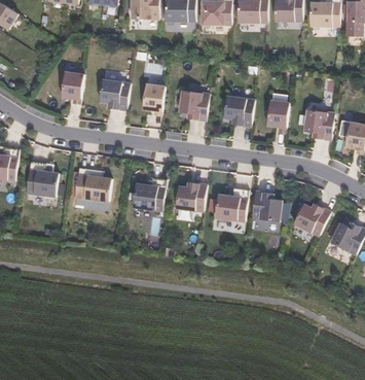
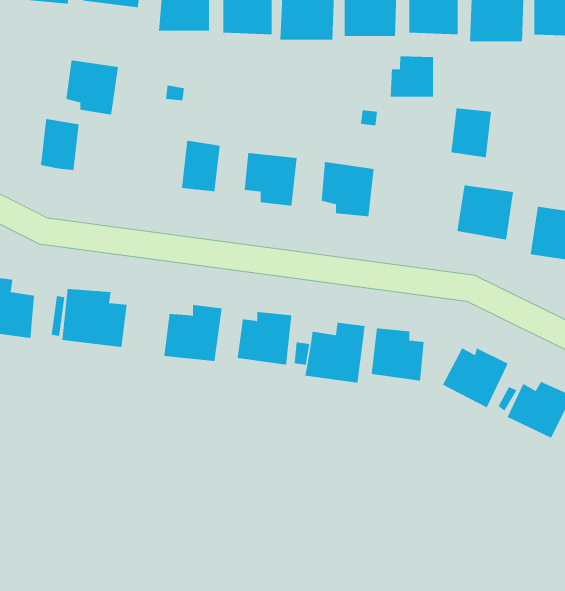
building: none -> [390,56,434,98]
building: [100,78,131,110] -> [65,60,119,115]
building: [265,99,289,128] -> [451,108,492,158]

